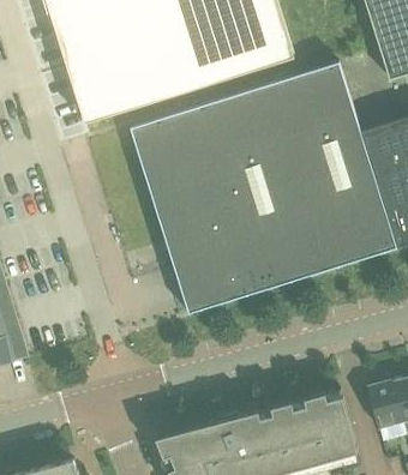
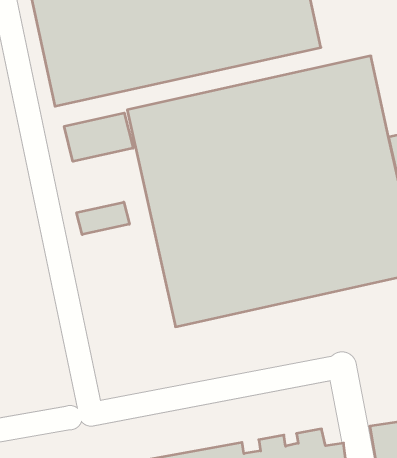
building: none -> [64,113,133,161]
building: none -> [77,202,129,235]

